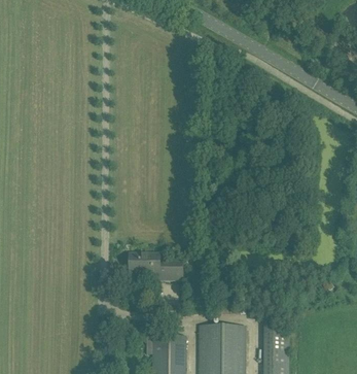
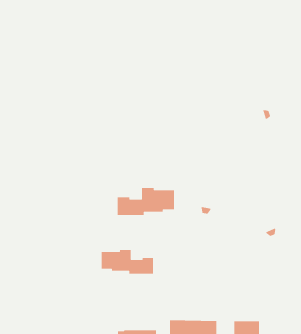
building: none -> [117,187,175,216]

